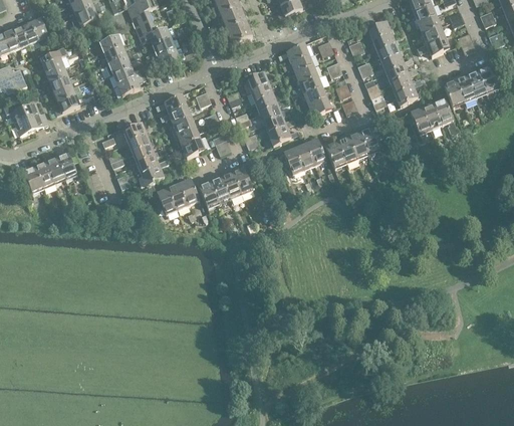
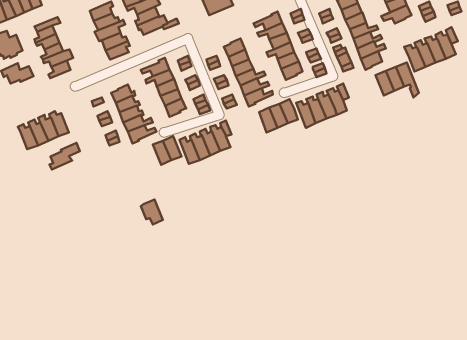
building: [13,113,43,135] -> none
building: none -> [49,143,80,170]
building: [153,187,177,214] -> [141,200,163,225]

